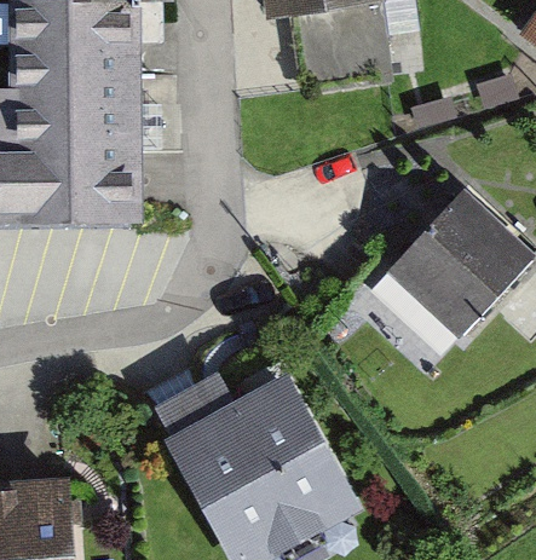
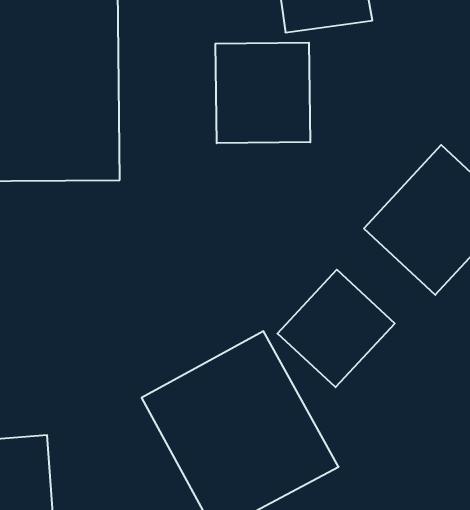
building: none -> [215,43,310,143]
building: none -> [277,270,395,387]

